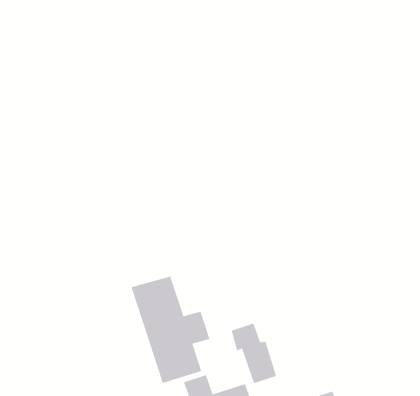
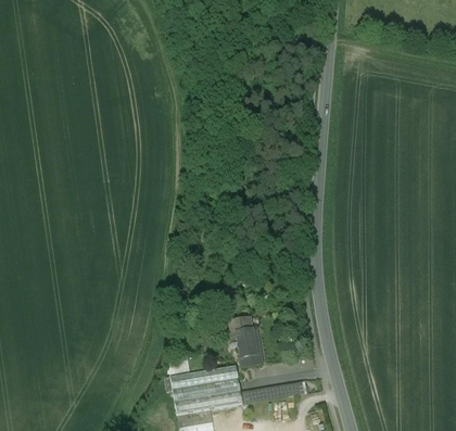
building: [131,276,210,384] -> none

